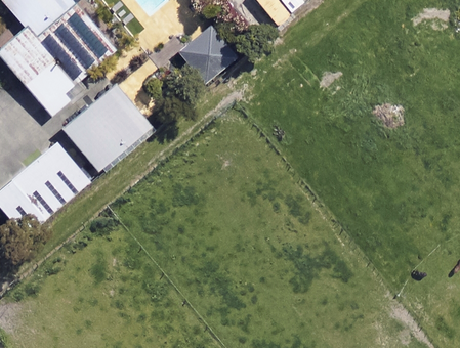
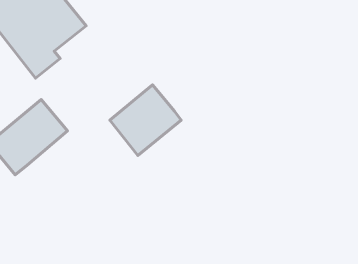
building: [176,25,240,87] -> none
building: [62,84,152,172] -> [110,85,181,155]

